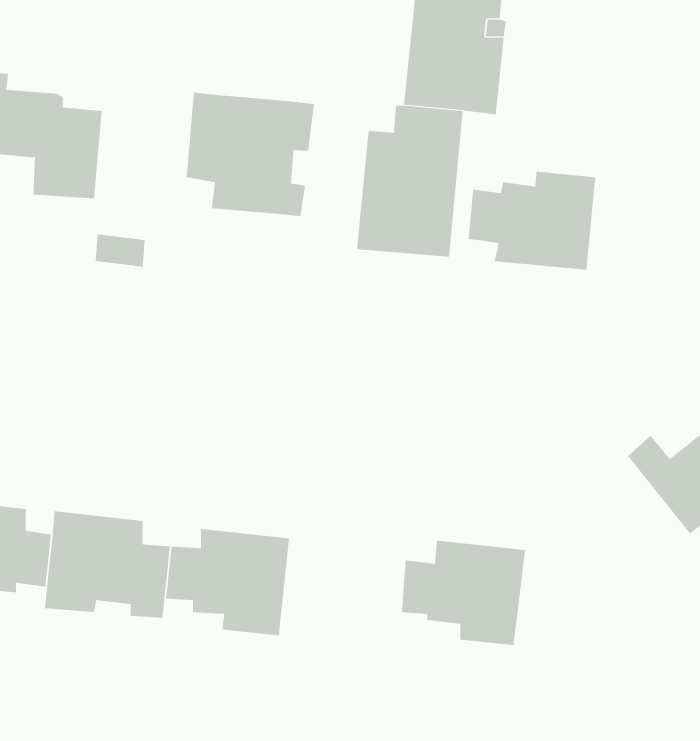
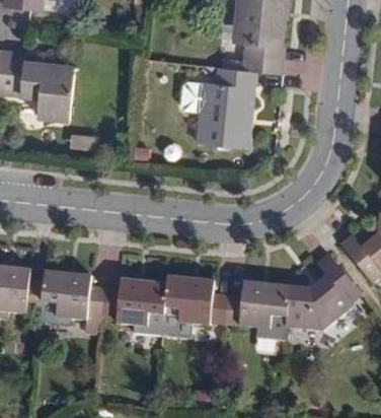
building: [186,92,315,217] -> none
building: [468,171,596,271] -> none
building: none -> [286,255,362,330]
building: none -> [162,280,227,337]

